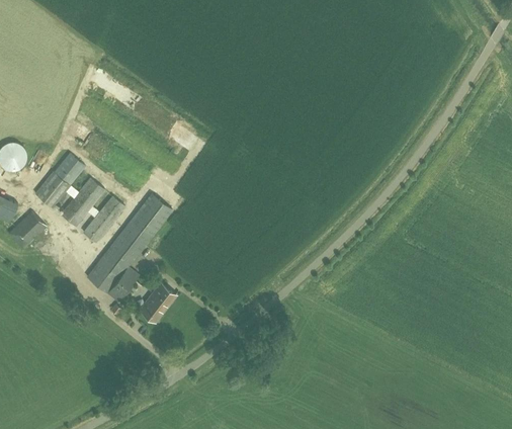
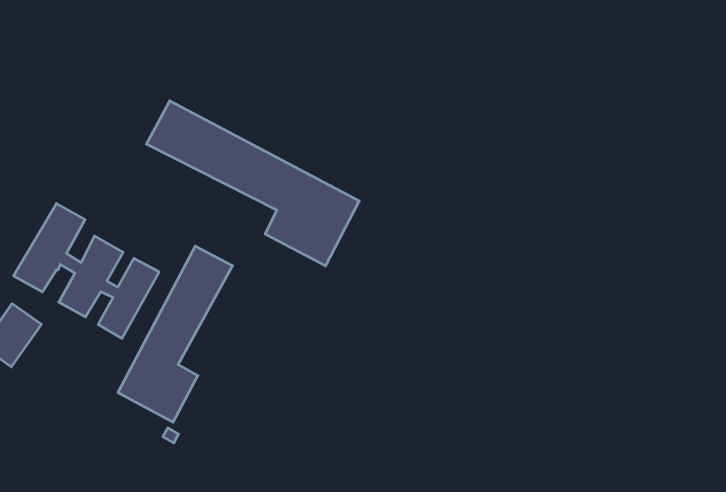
building: none -> [146,101,359,266]
building: [140,283,175,322] -> none

